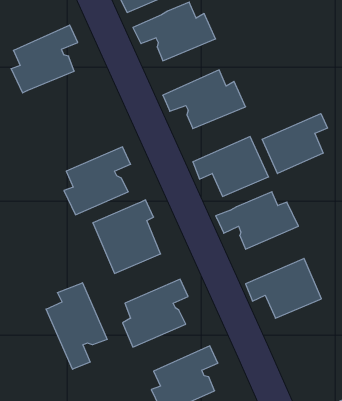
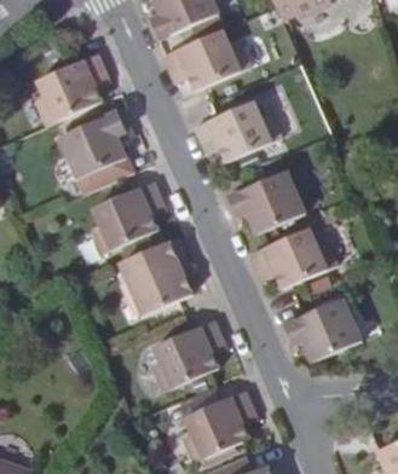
building: none -> [58,109,128,178]
building: [262,114,328,174] -> none
building: [46,283,107,369] -> none

